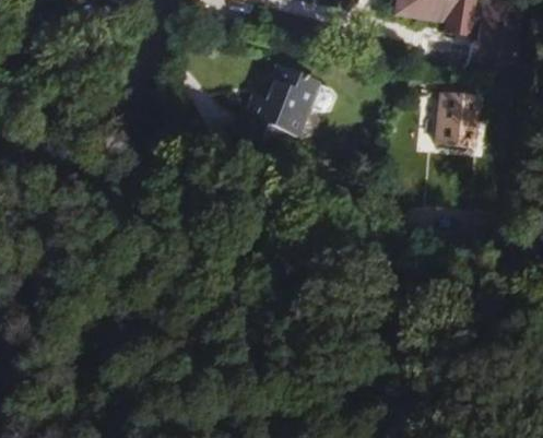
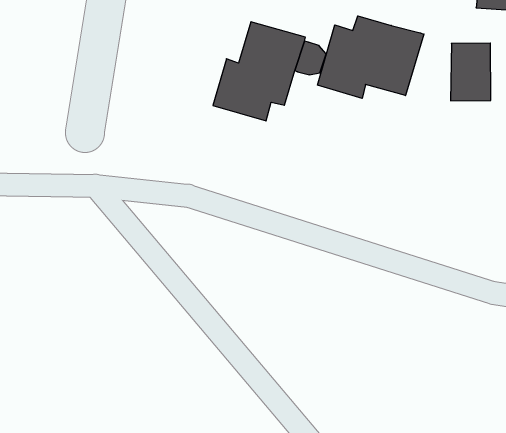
building: none -> [317,16,424,98]

